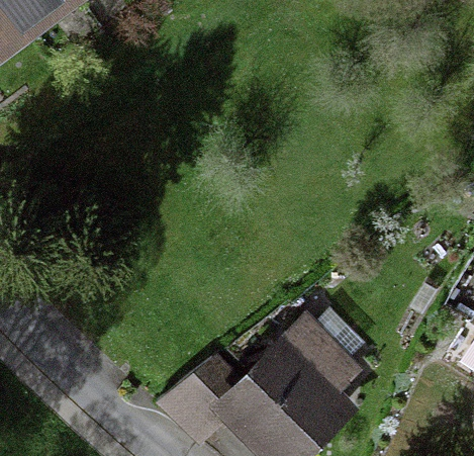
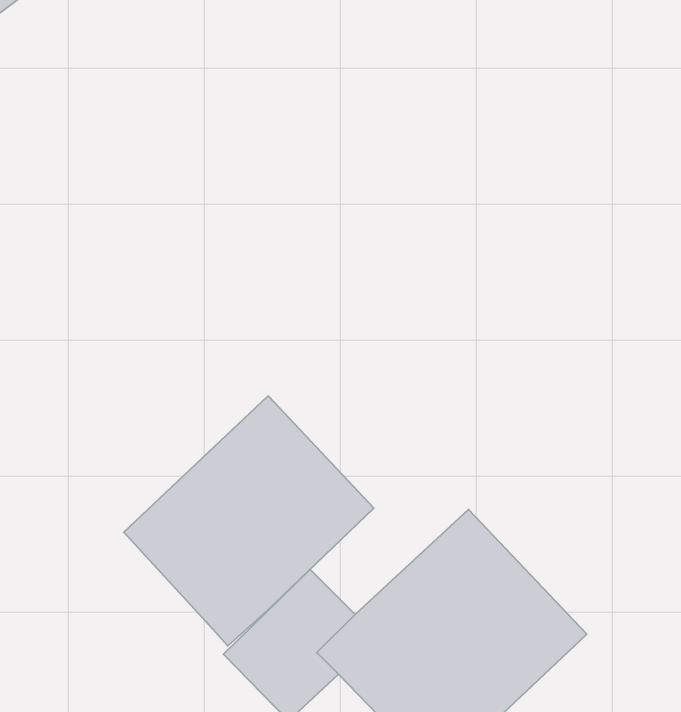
building: none -> [124,396,374,646]

